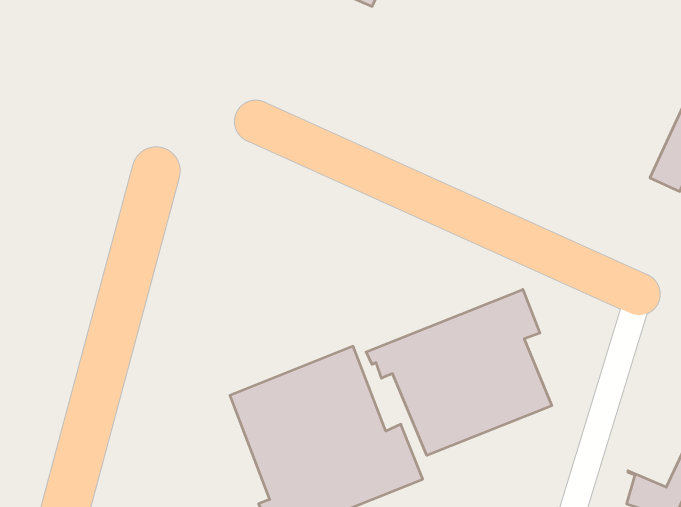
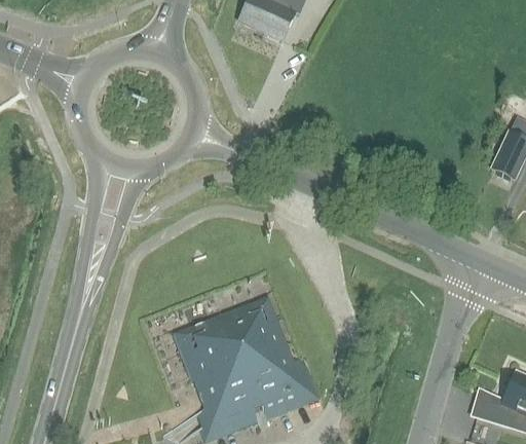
building: [366,289,552,455] -> none

